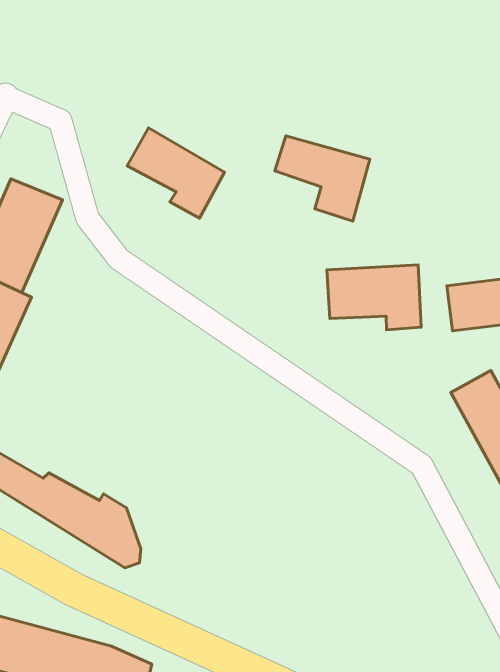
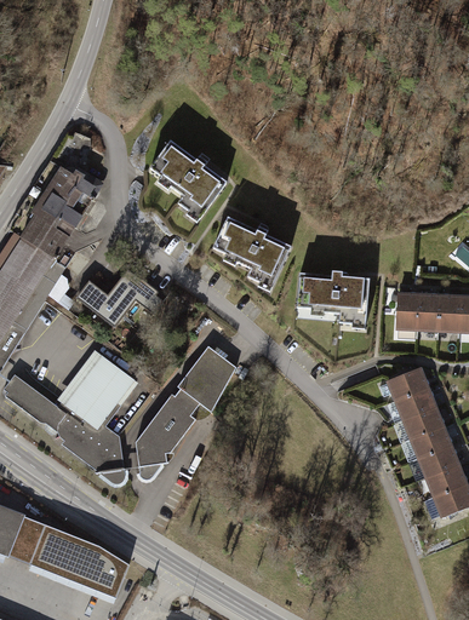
building: [275,136,370,221] -> [219,219,296,293]
building: none -> [75,269,162,326]
building: none -> [136,345,234,482]
building: none -> [56,350,133,430]

